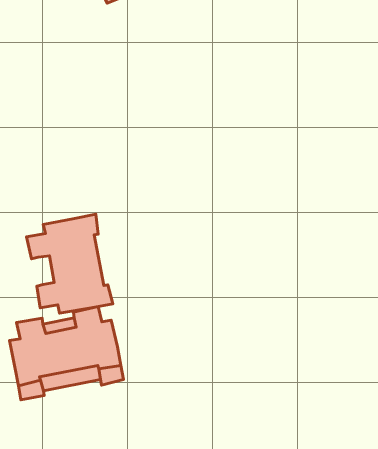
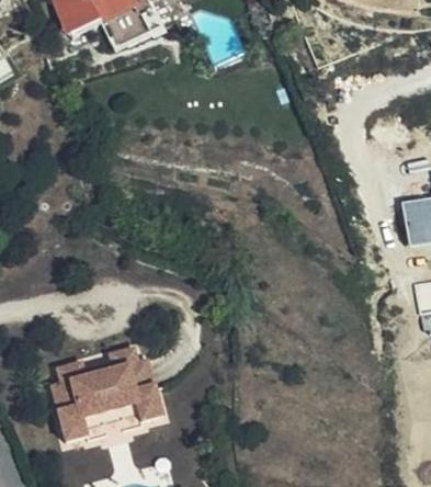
building: [26,214,113,313] -> none

